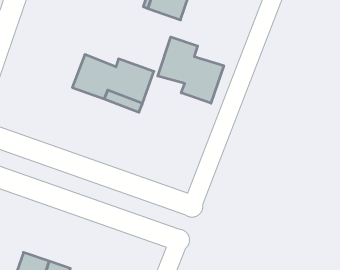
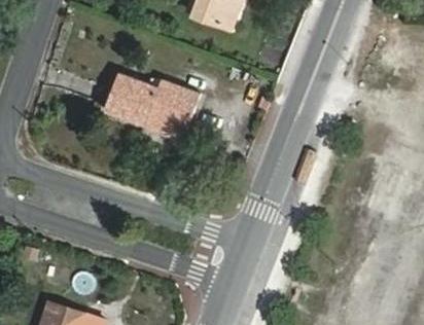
building: [158,37,224,103] -> none

